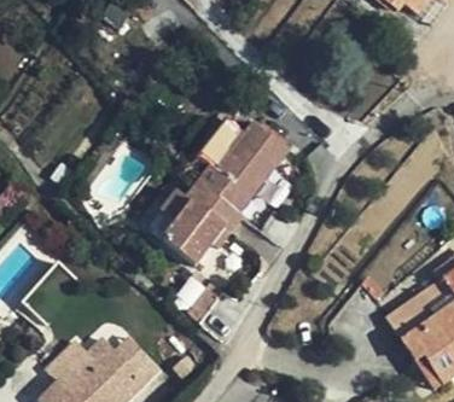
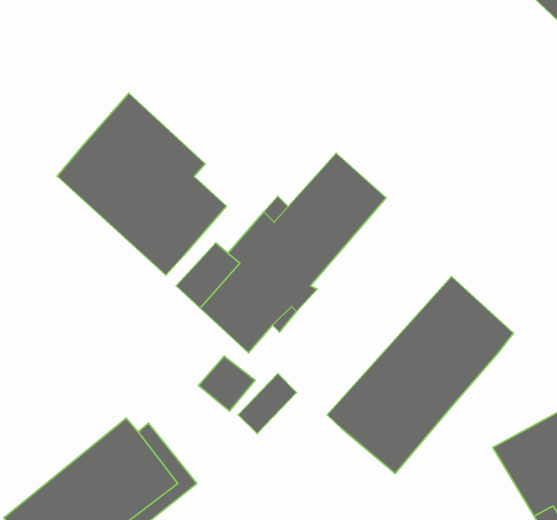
building: none -> [57,93,227,275]
building: none -> [327,277,514,473]

